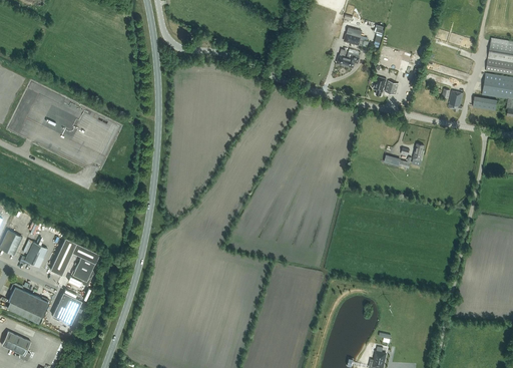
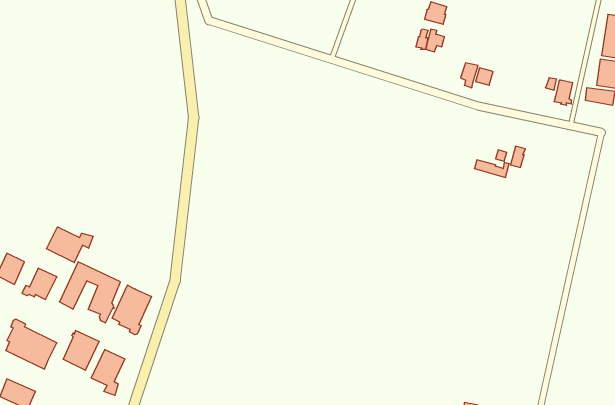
building: none -> [46,227,93,263]
building: none -> [112,285,151,335]
building: none -> [91,349,125,395]

